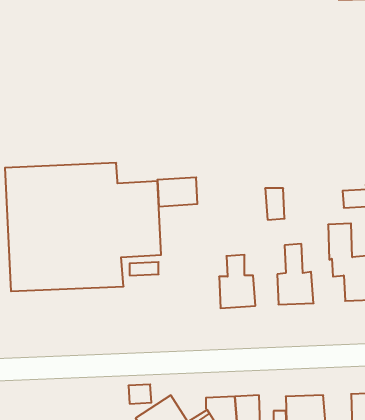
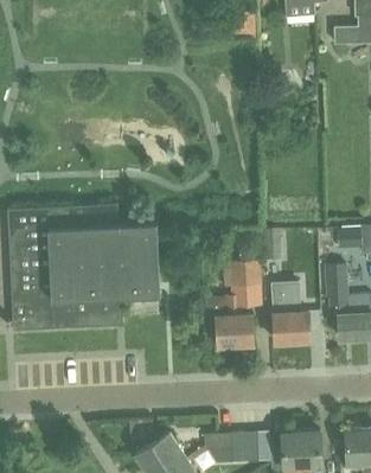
building: [157,177,197,206] -> [222,258,261,287]

